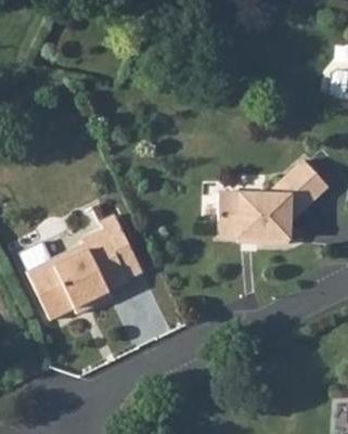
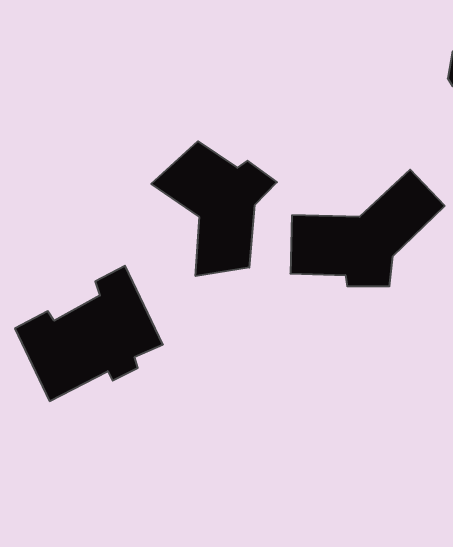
building: none -> [151,141,277,276]

